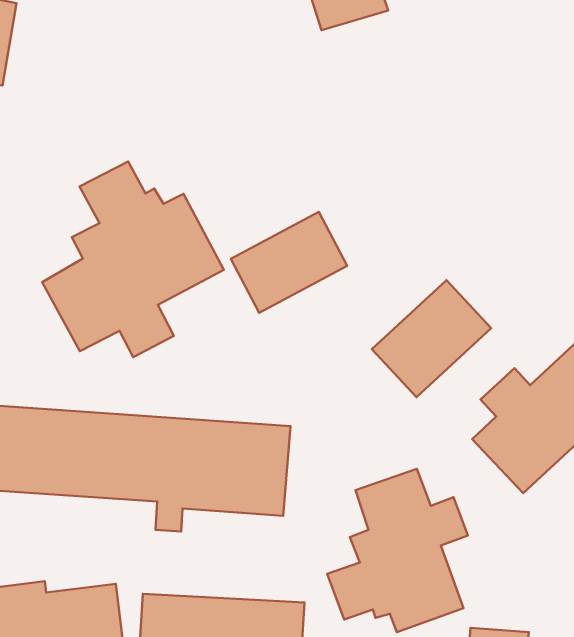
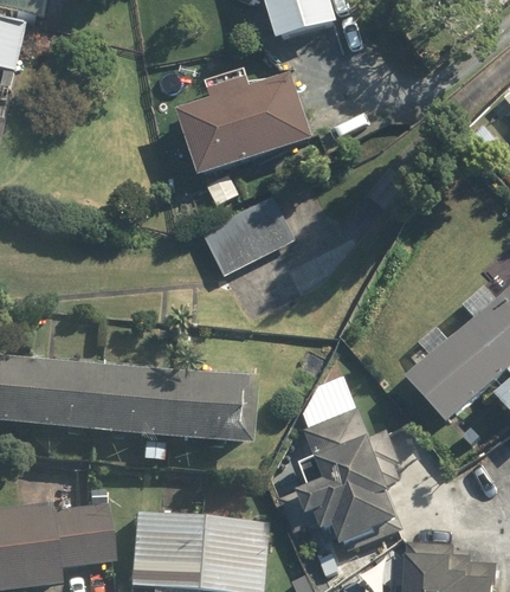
building: none -> [174,70,310,176]
building: [42,161,224,357] -> none
building: [372,280,491,397] -> none

